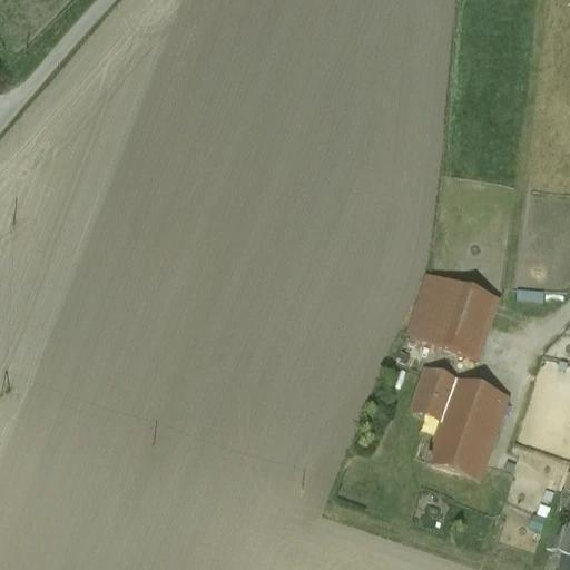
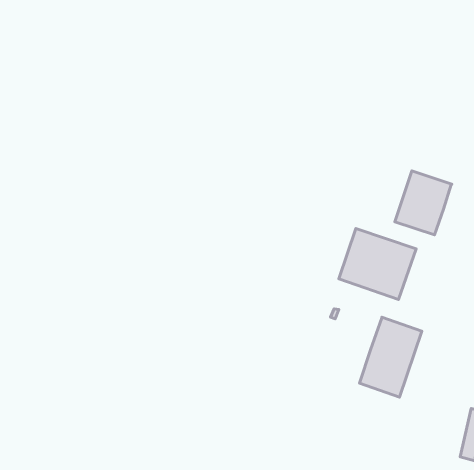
building: none -> [395,171,452,235]
building: [414,368,459,417] -> none

